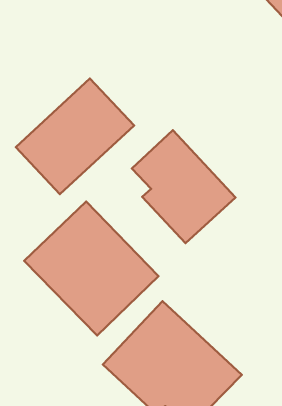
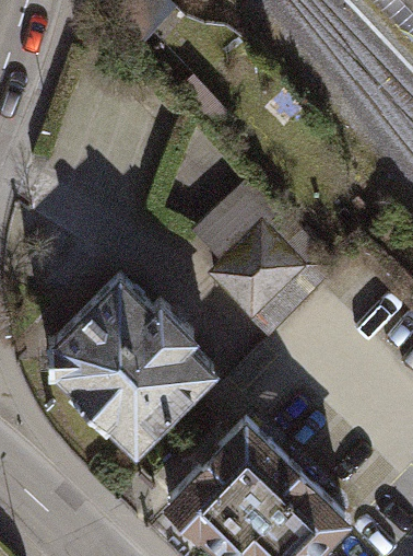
building: [16,78,134,194] -> none

